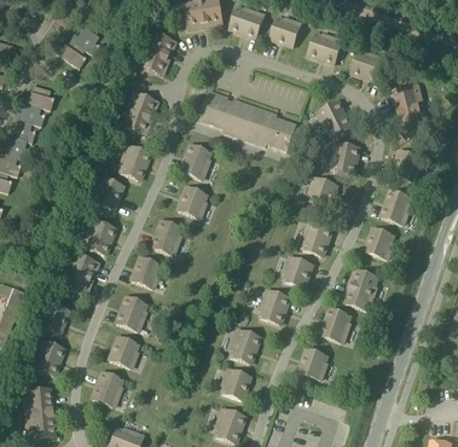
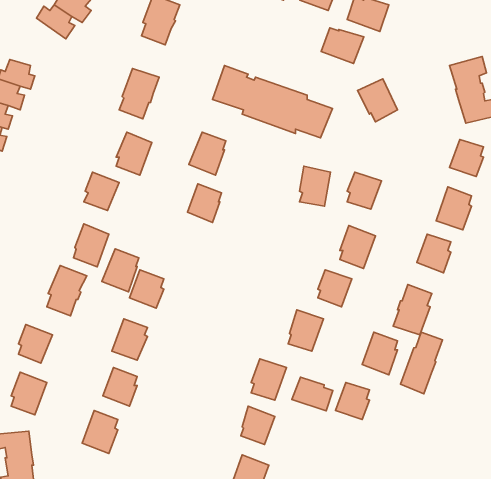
building: [350,52,385,81] -> [321,28,364,63]
building: [332,143,358,175] -> [299,166,331,206]
building: [150,221,180,256] -> [102,249,139,292]
building: none -> [401,332,443,394]
building: none -> [292,377,333,411]

